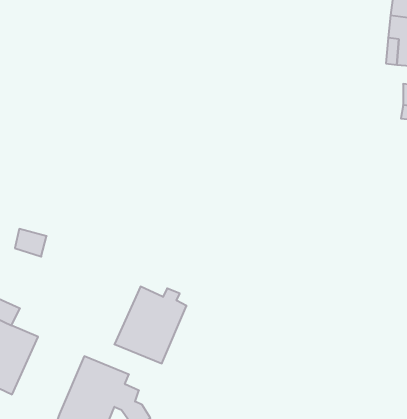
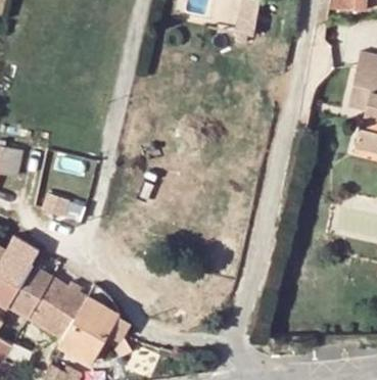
building: [114,287,187,363] -> [29,279,88,340]

